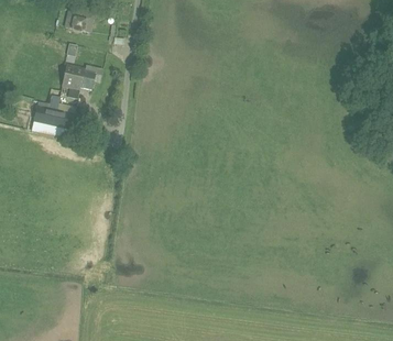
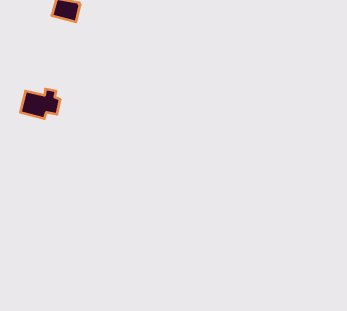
building: [61,63,94,98] -> none

